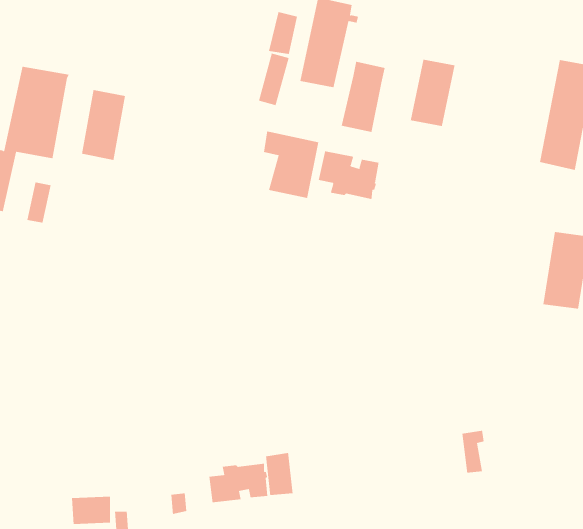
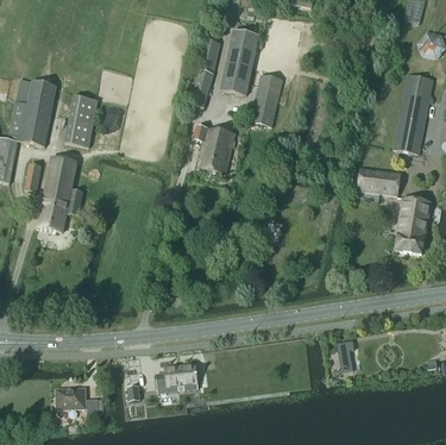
building: [410,59,455,127] -> none
building: [318,150,379,200] -> none
building: none -> [38,156,83,231]
building: none -> [358,168,402,195]
building: [266,452,293,496] -> none

